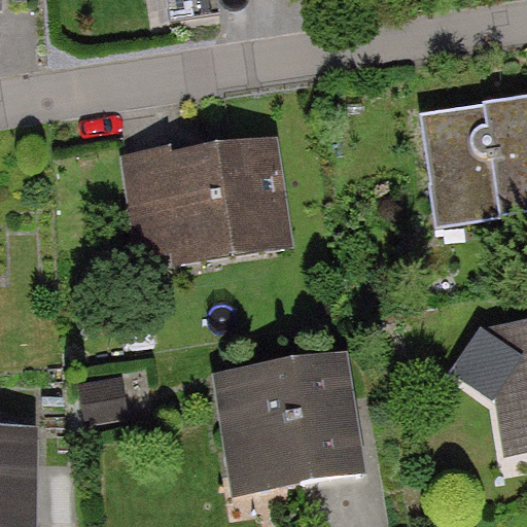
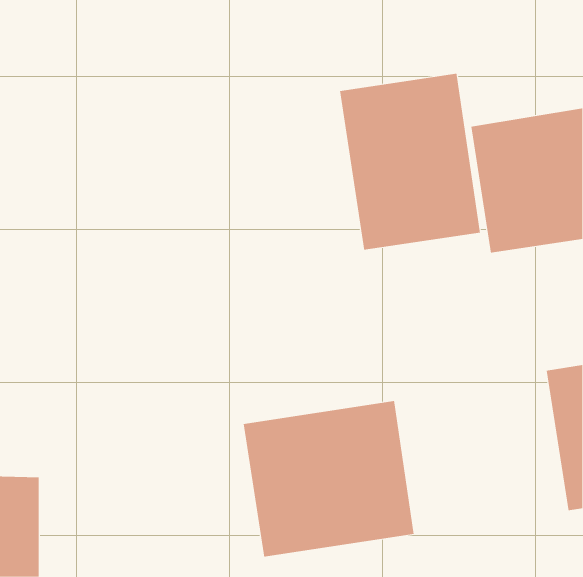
building: none -> [339,73,481,250]
building: [120,137,293,262] -> none

